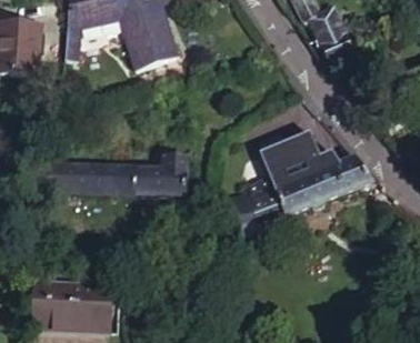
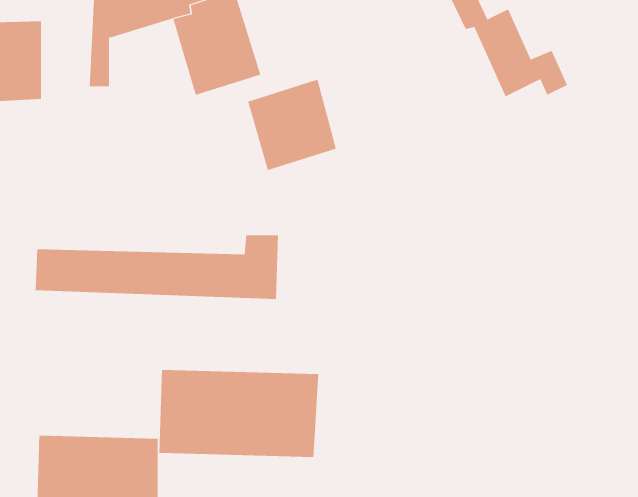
building: none -> [247,79,337,171]
building: [247,131,372,236] -> none
building: none -> [159,369,319,458]

